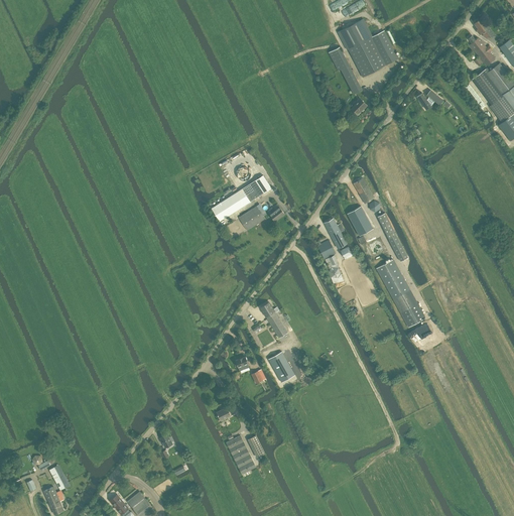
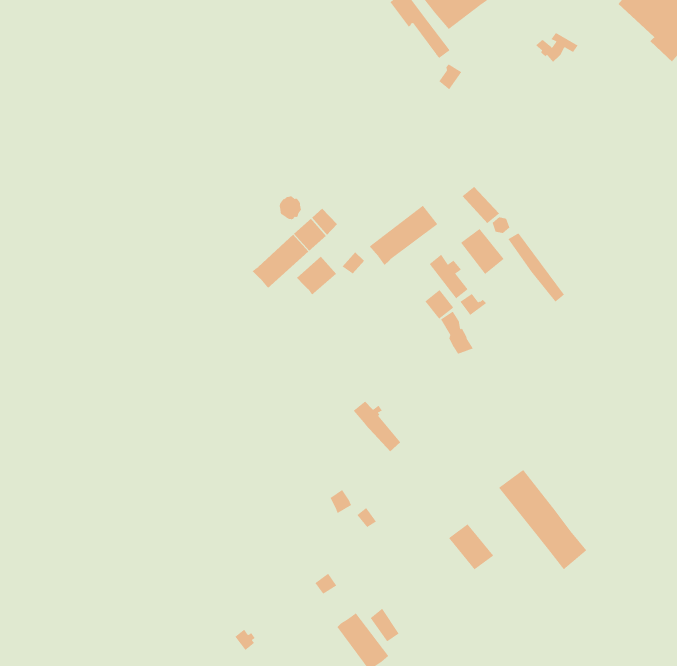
building: none -> [369,205,438,266]
building: [376,259,425,328] -> [498,469,587,570]
building: [268,352,295,382] -> [448,524,494,570]

